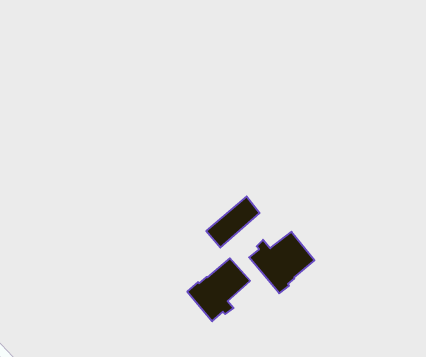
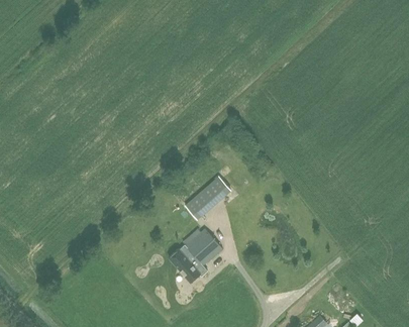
building: [249,232,314,293] -> none

